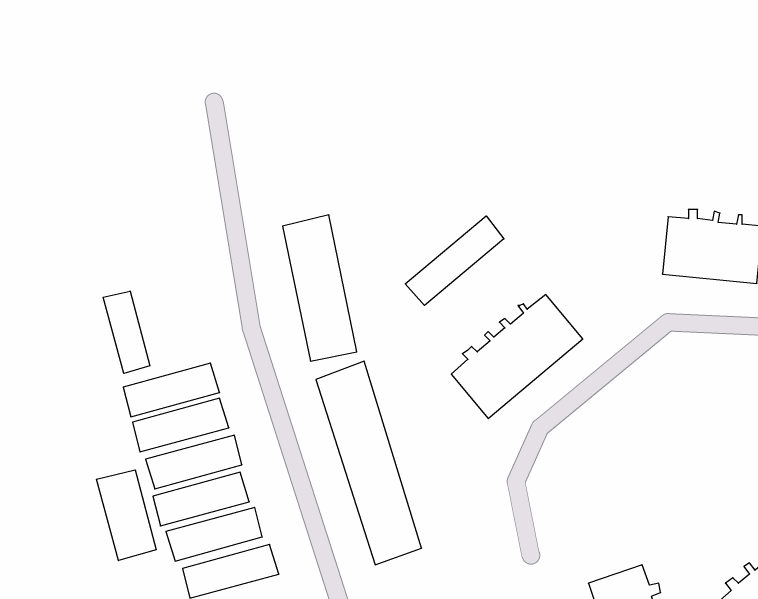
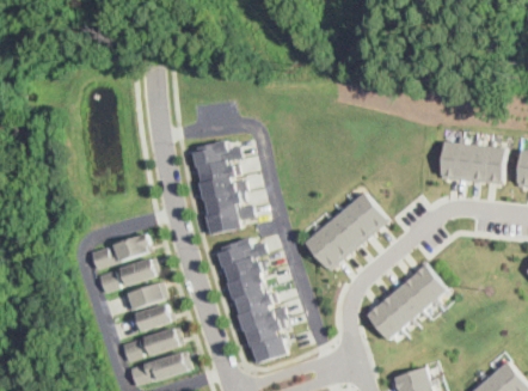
building: [405,216,504,305] -> none
building: [103,291,150,373] -> none
building: none -> [364,262,447,341]
building: [96,470,156,561] -> none

